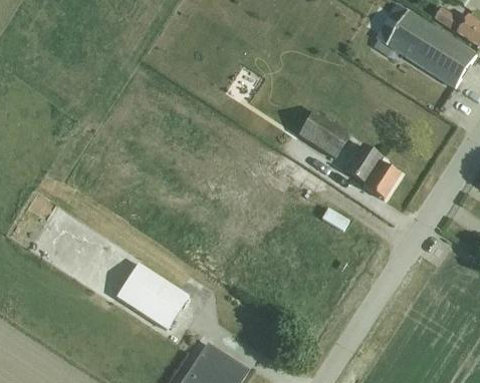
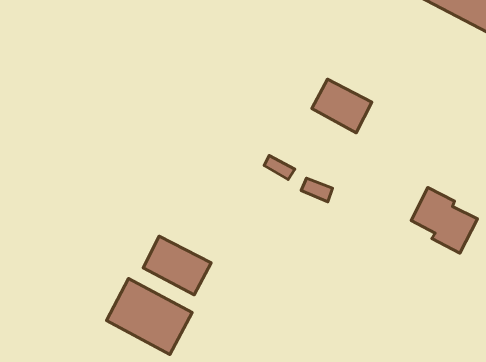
building: [344,143,400,200] -> [411,188,478,253]
building: none -> [143,236,211,295]

